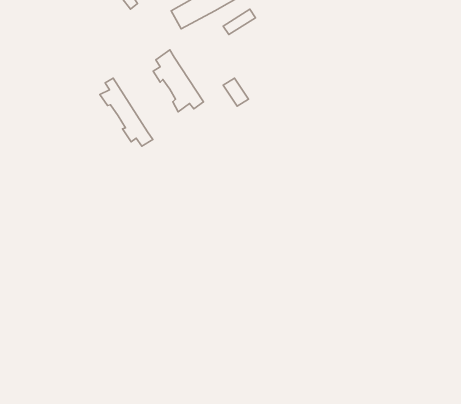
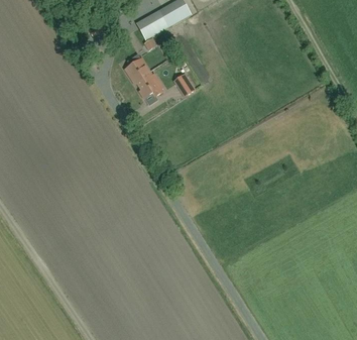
building: [100,78,153,146] -> none

